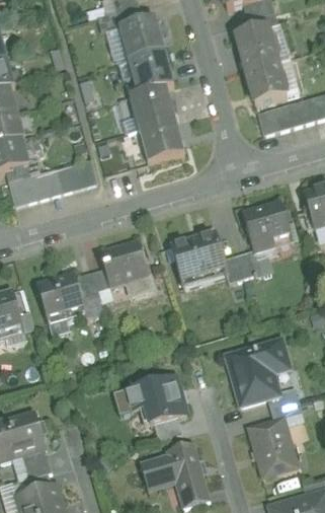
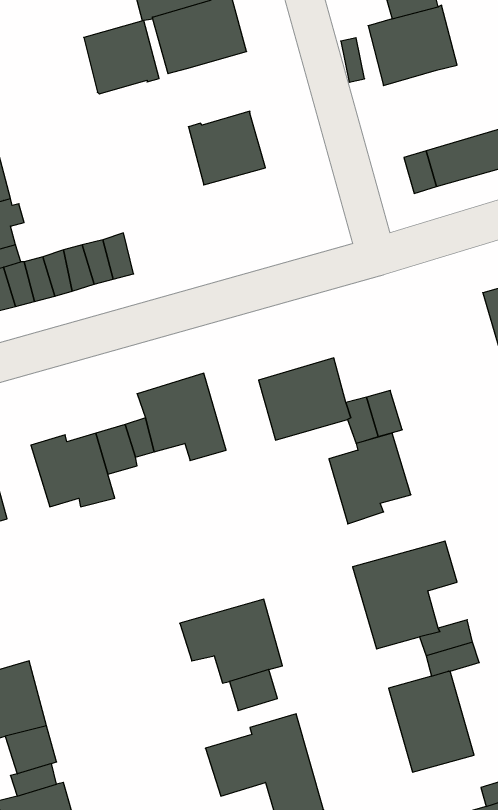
building: [129,51,173,94] -> [84,20,159,94]
building: [245,62,287,105] -> none
building: [139,120,184,163] -> none
building: [243,201,292,254] -> [329,433,411,524]

